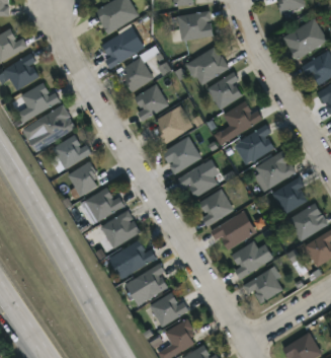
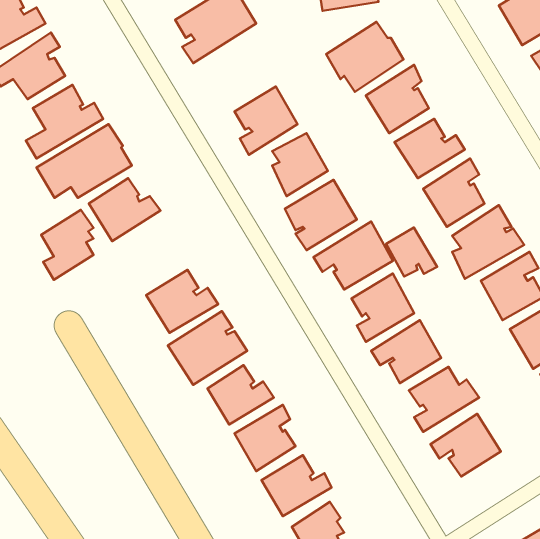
building: [123,46,165,92] -> none
building: [67,161,96,201] -> [41,210,93,280]
building: none -> [386,227,437,277]

